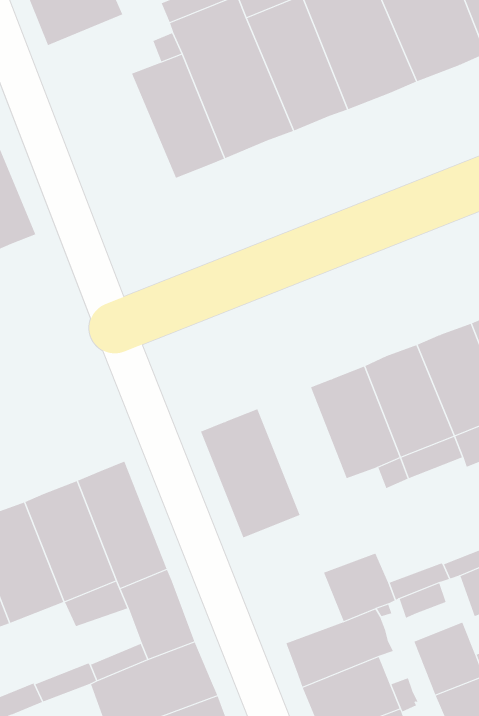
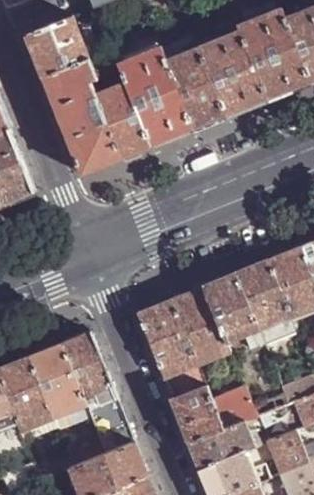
building: none -> [42,59,120,175]
building: none -> [170,286,228,364]
building: none -> [169,385,222,442]

